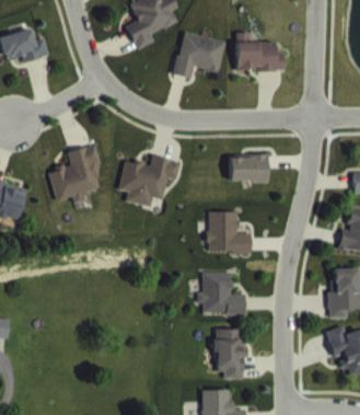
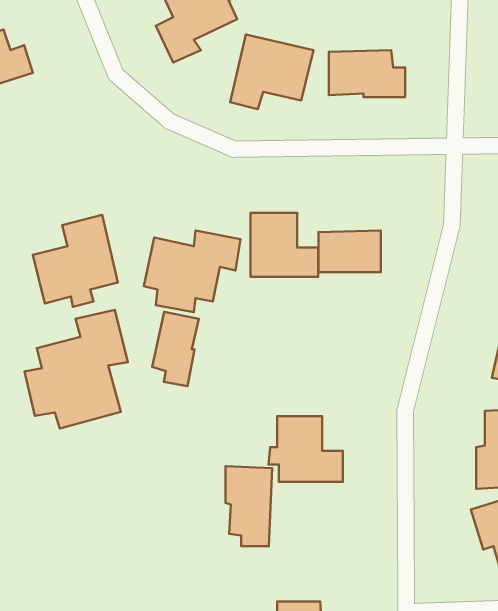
building: none -> [24,310,128,428]
building: none -> [152,312,199,386]
building: [208,211,251,252] -> [251,213,318,277]
building: [214,327,244,378] -> [226,466,272,546]

